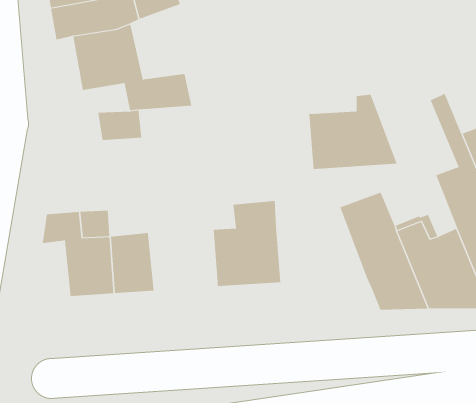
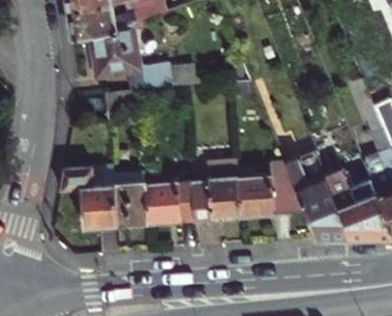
building: [309,94,398,169] -> [240,161,306,217]
building: none -> [145,177,195,223]

